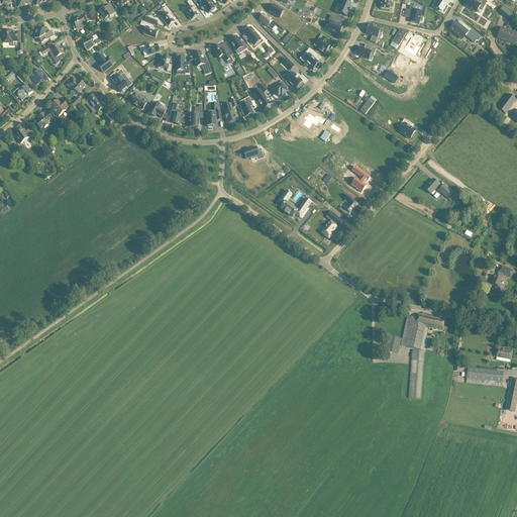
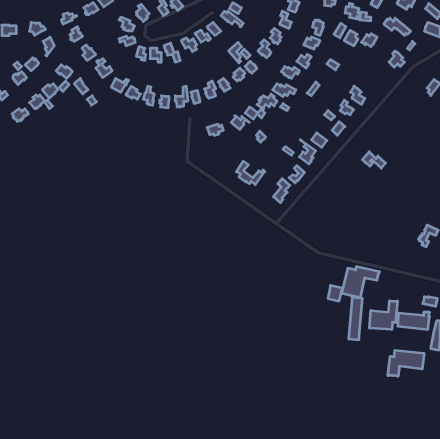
building: none -> [369,301,397,330]
building: none -> [388,350,424,376]

